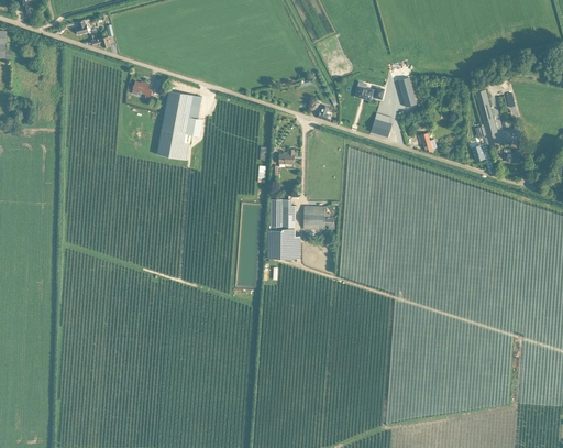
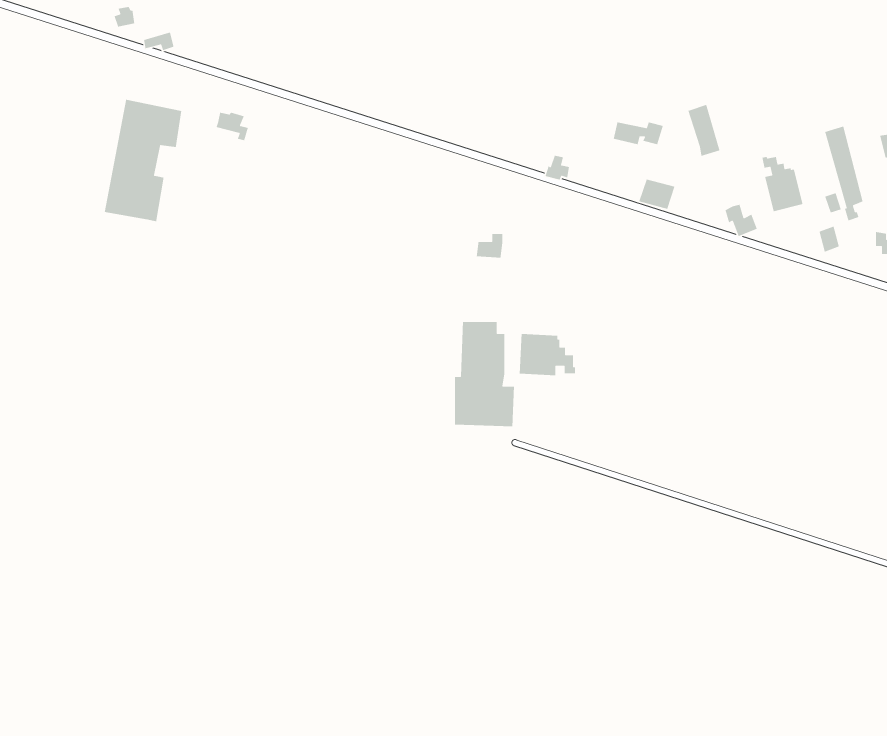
building: [156,90,200,160] -> [104,99,182,222]
building: none -> [761,156,804,212]

